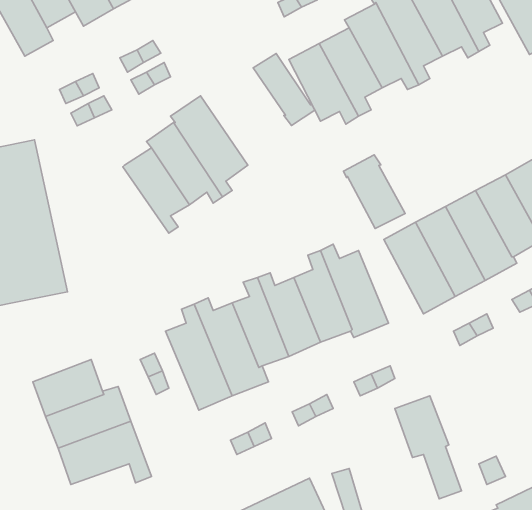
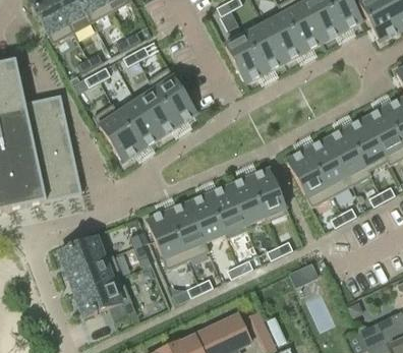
building: [253,53,315,126] -> none
building: none -> [94,104,148,161]
building: [343,155,405,229] -> none

